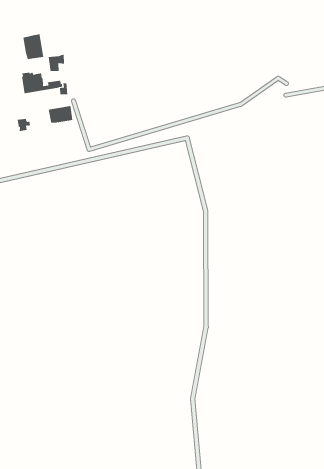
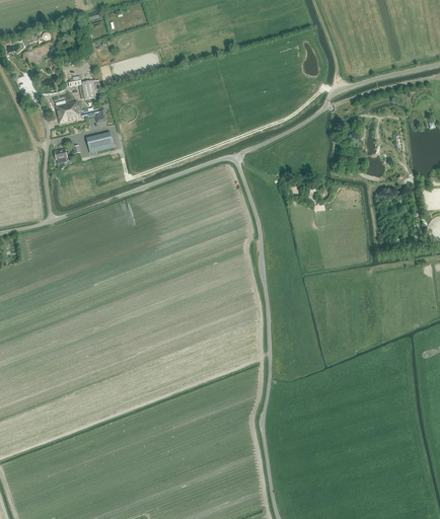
building: [23,33,44,60] -> none

